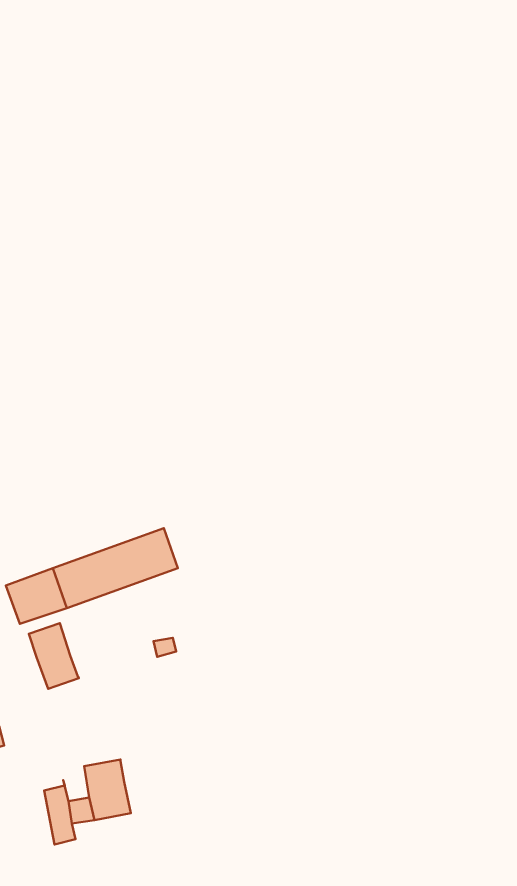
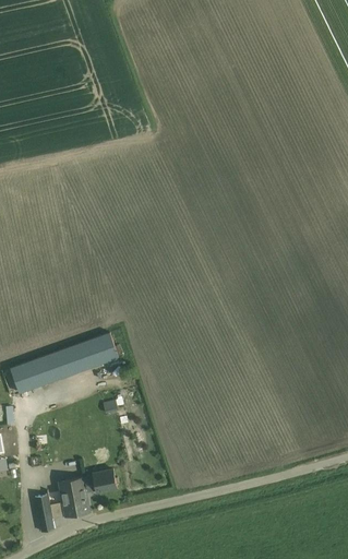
building: [29,623,79,689] -> none
building: none -> [82,471,116,492]

